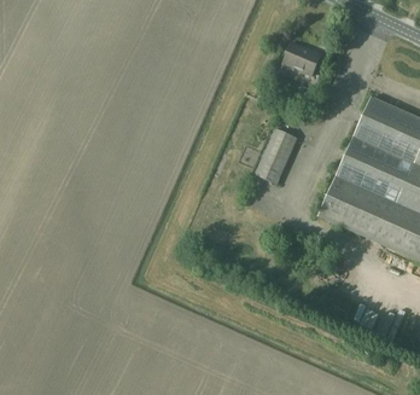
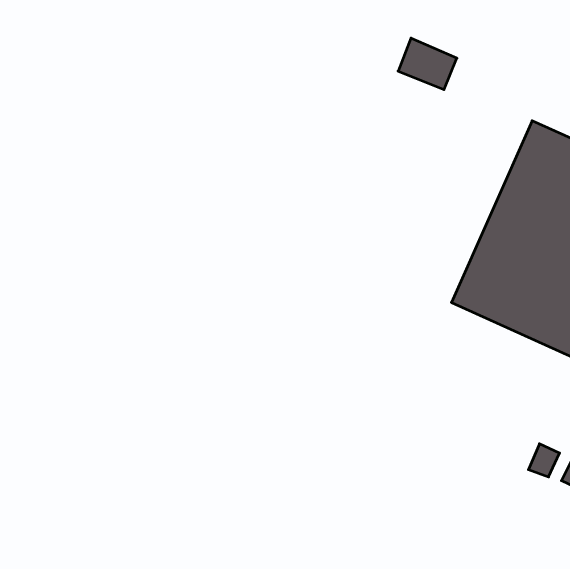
building: [255,128,297,184] -> none

